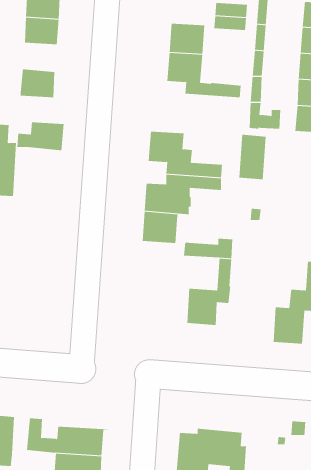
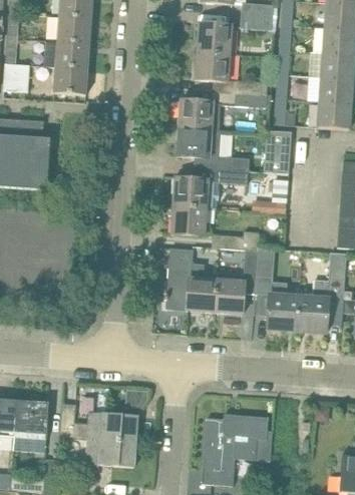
building: none -> [179,91,266,130]
building: [17,122,64,151] -> [43,42,89,70]
building: none -> [165,249,216,313]
building: none -> [255,277,299,331]

